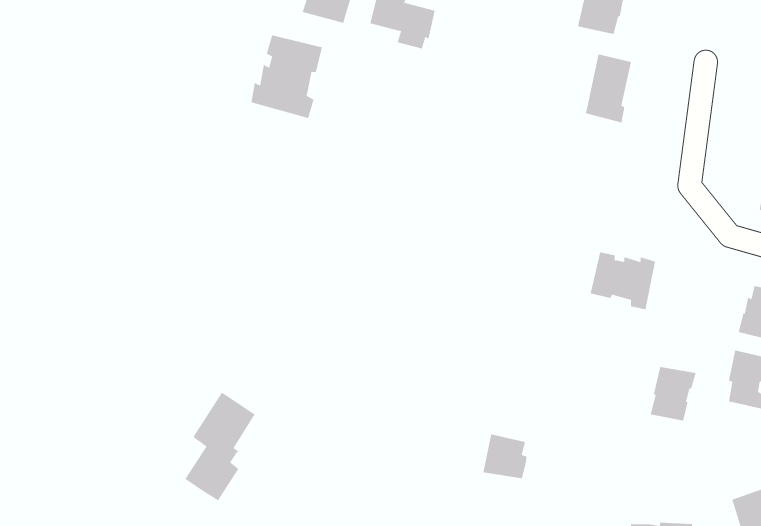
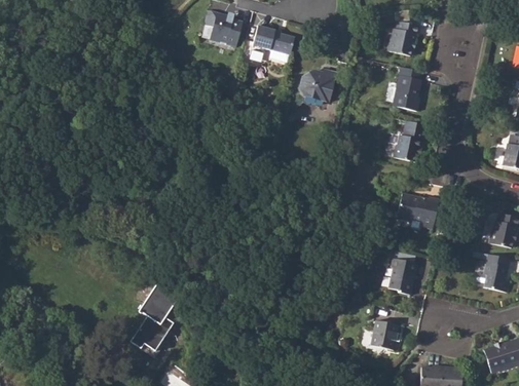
building: [251,34,323,119] -> none
building: none -> [301,71,335,106]
building: none -> [392,121,425,162]
building: [650,366,697,421] -> [386,257,416,292]
building: [482,434,527,479] -> [370,318,399,347]

